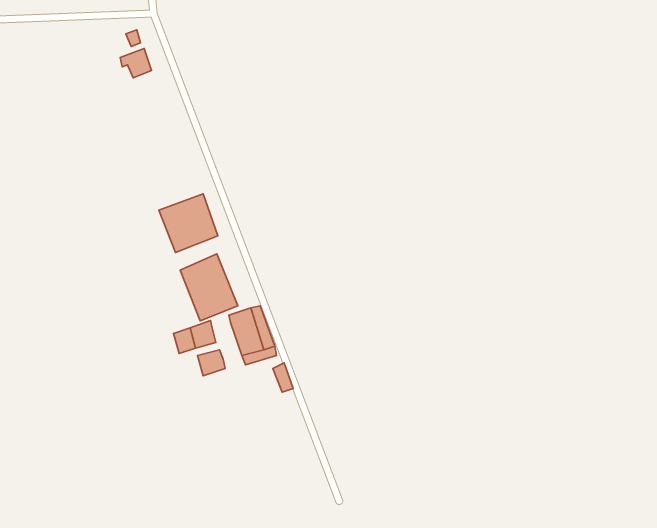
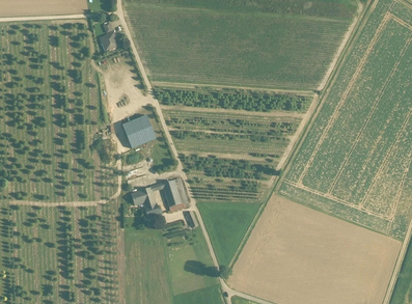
building: [180,254,238,321] -> none

